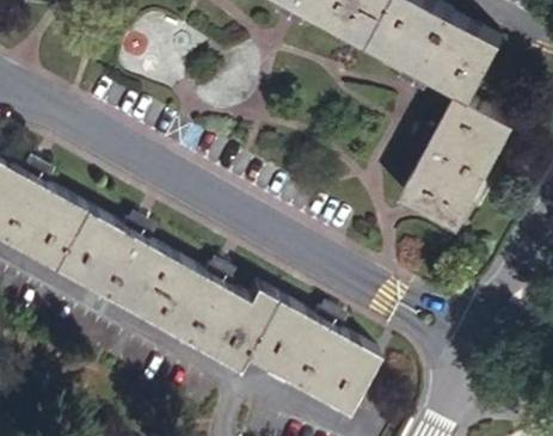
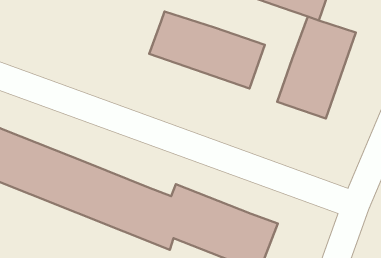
building: none -> [149,11,265,89]

